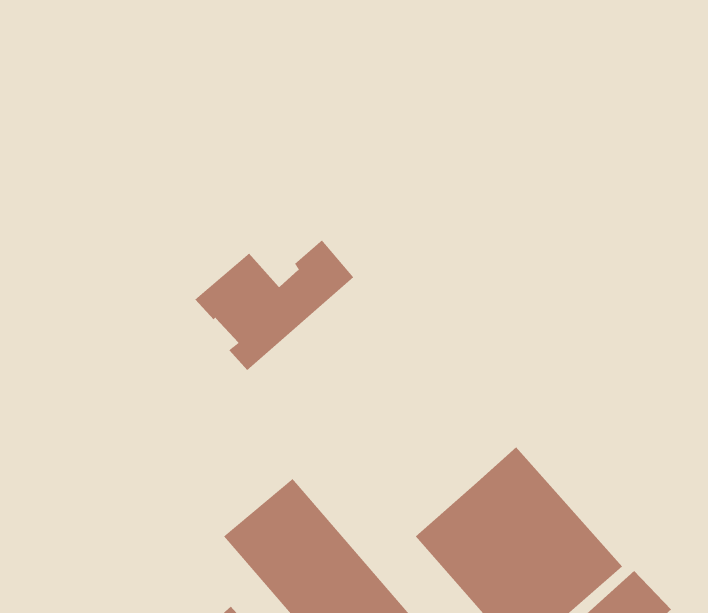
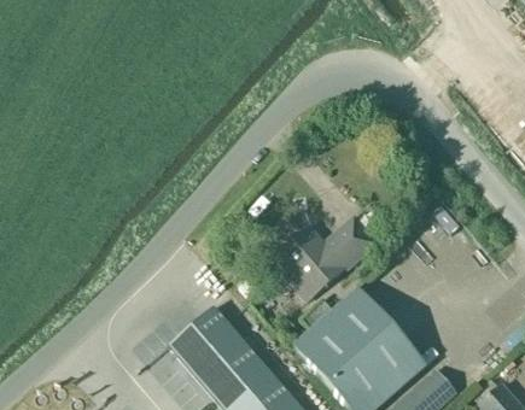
building: [195,240,354,371] -> [274,216,377,300]

